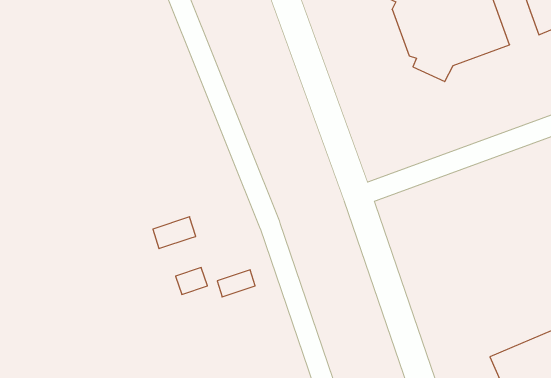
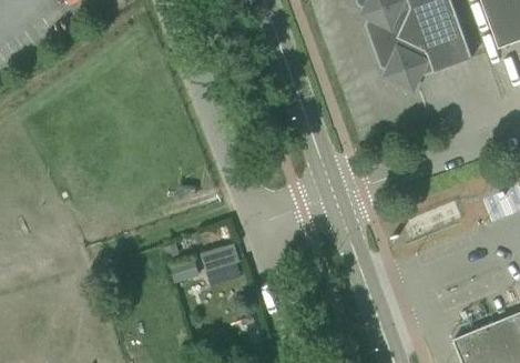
building: [153,217,196,249] -> [201,243,239,272]

